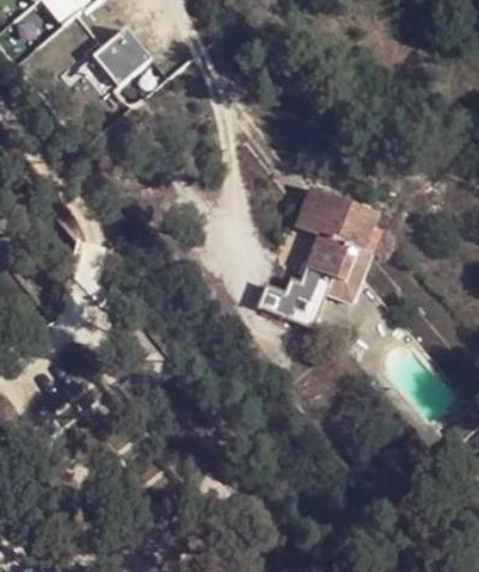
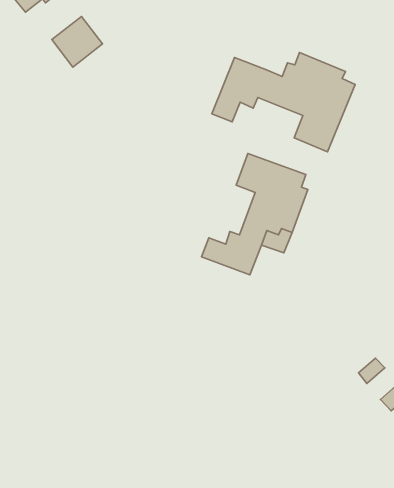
building: none -> [212,52,355,152]

